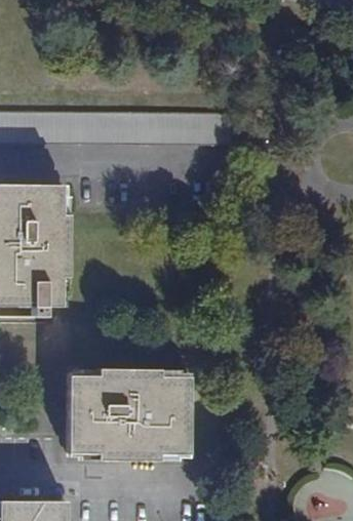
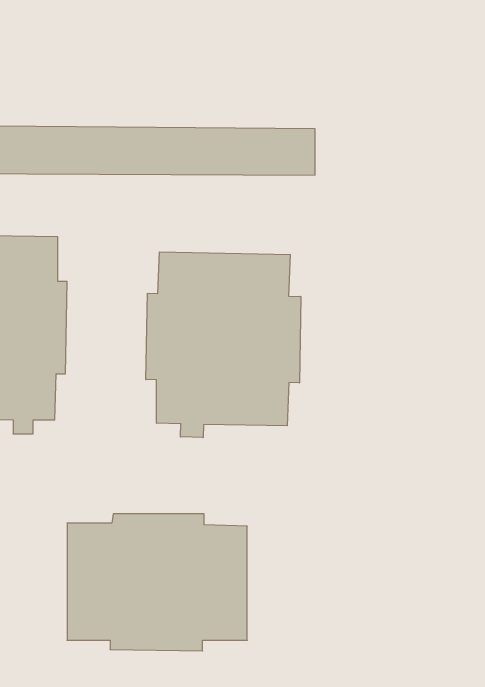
building: none -> [146,252,301,438]

